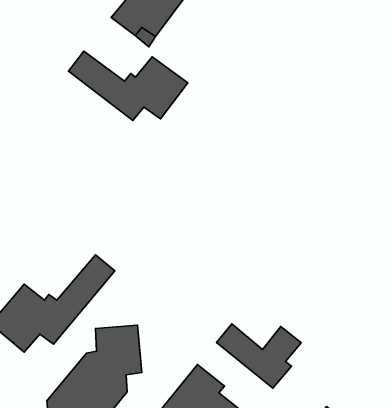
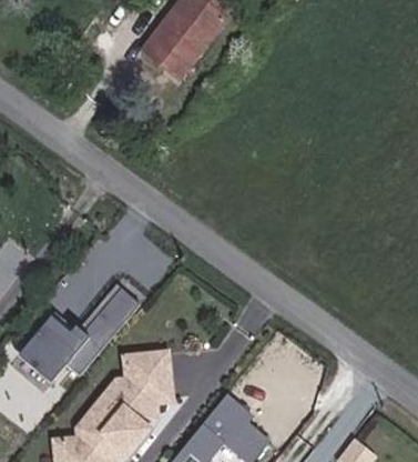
building: [68,51,188,120] -> none
building: [216,324,301,388] -> none

